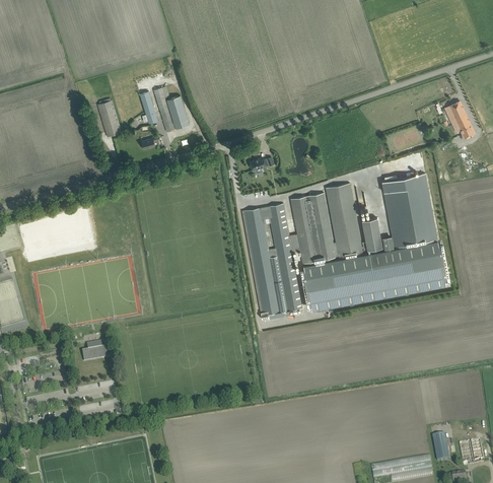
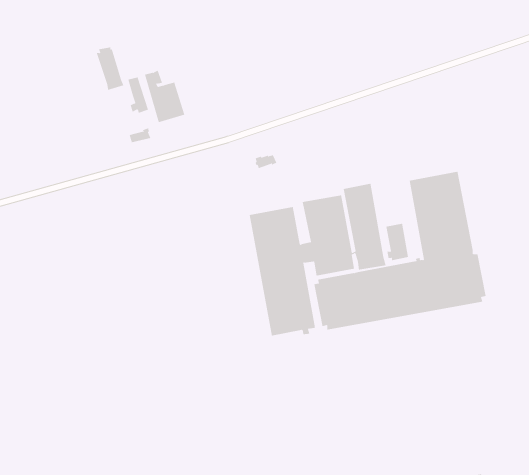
building: [96,99,121,137] -> [96,47,124,90]
building: [444,102,474,138] -> none
building: [81,342,109,362] -> none

